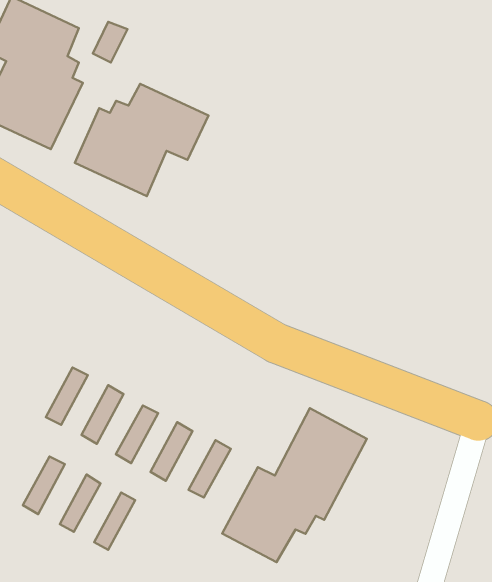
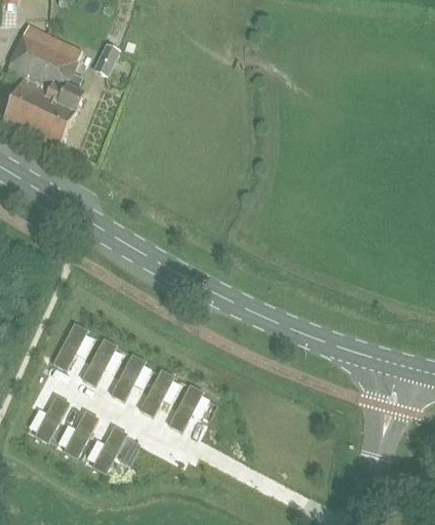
building: [75,84,208,196] -> none
building: [222,408,367,562] -> none

